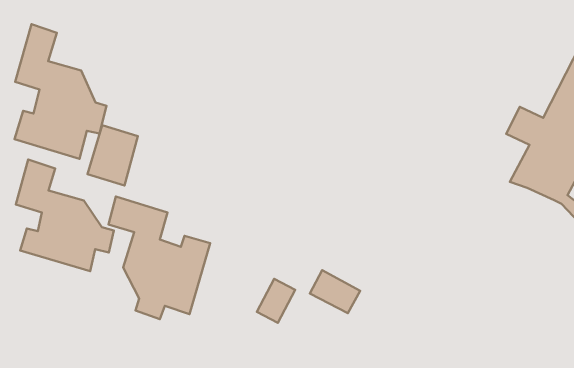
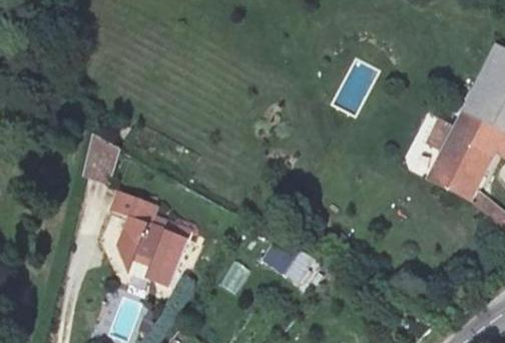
building: [14,24,107,159] -> none
building: [16,160,114,271] -> none

